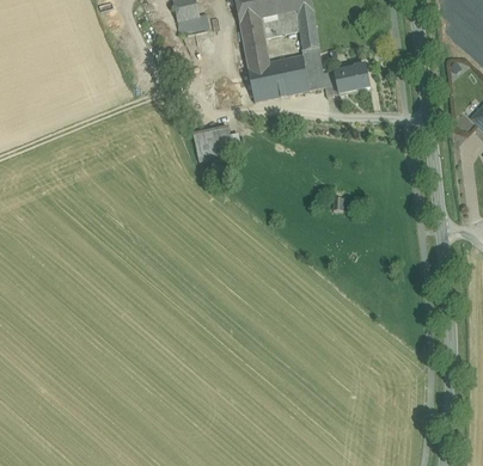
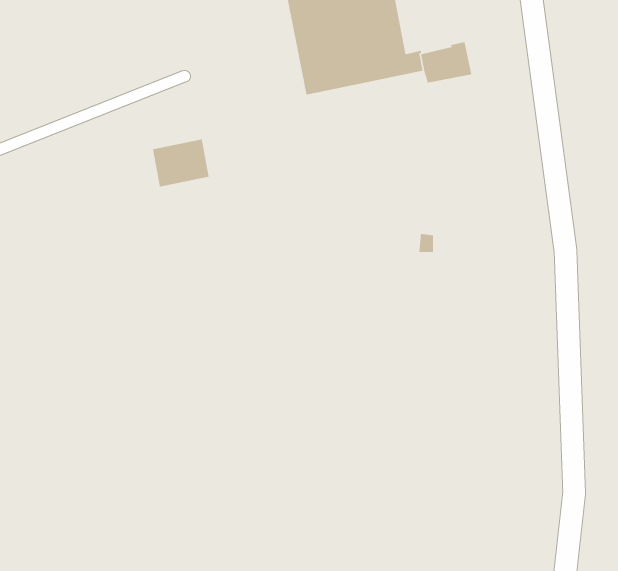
building: [194,125,233,159] -> [152,139,209,187]

